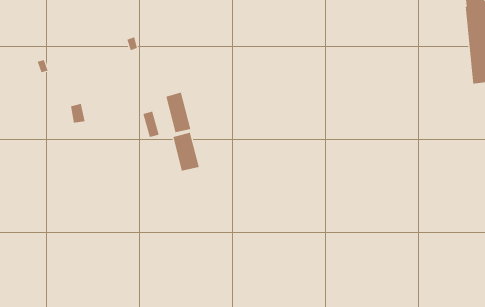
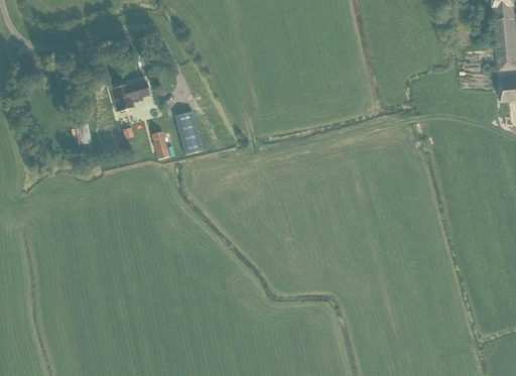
building: none -> [110,81,150,112]
building: [173,132,199,171] -> none

